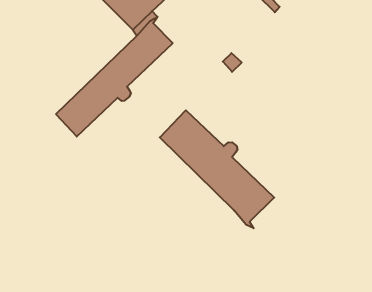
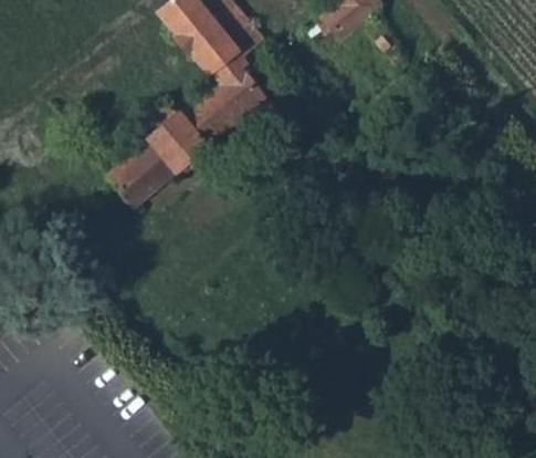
building: [160,110,274,228] -> none

